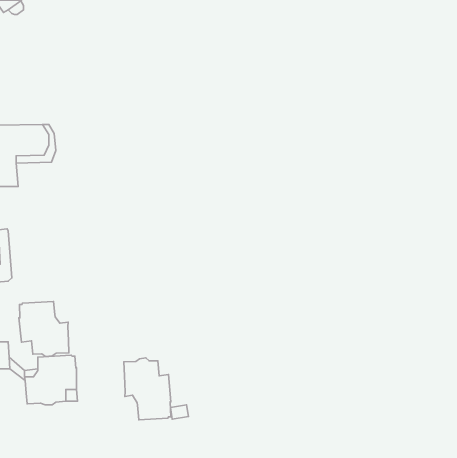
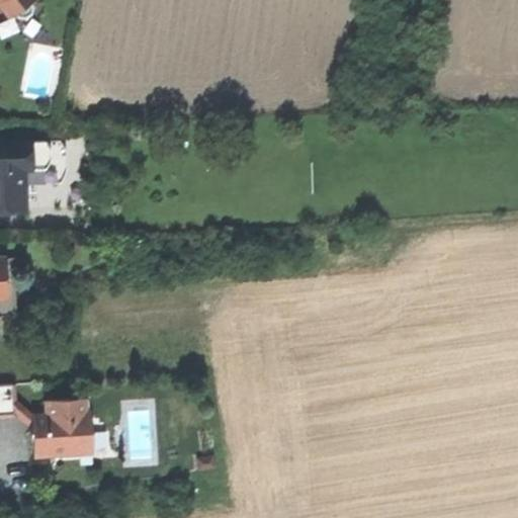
building: [19,302,69,357] -> none
building: [124,358,171,420] -> none

